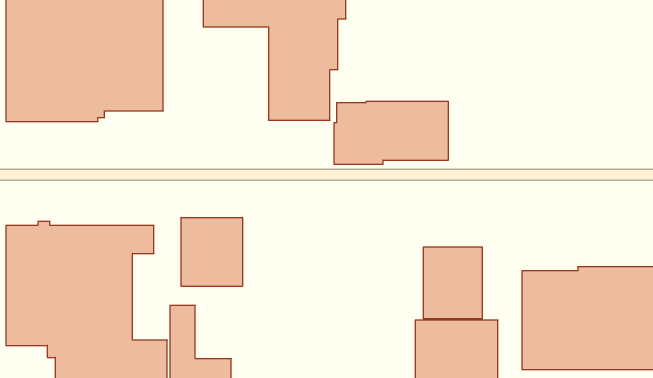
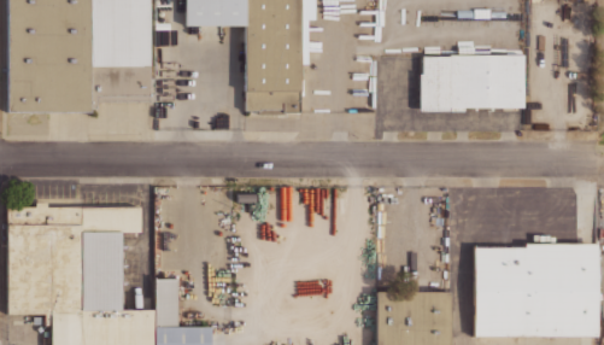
building: [334,101,448,164] -> [421,55,524,112]
building: [181,217,242,286] -> none
building: [423,247,482,319] -> none

